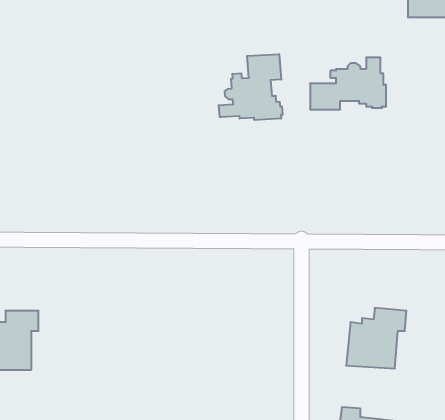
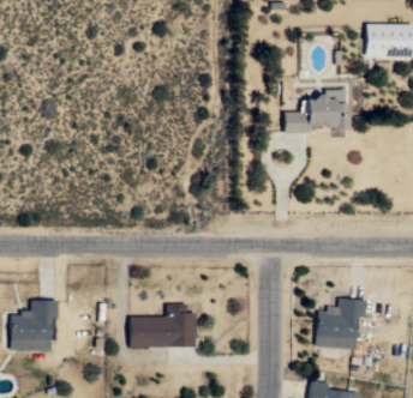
building: [219,54,283,120] -> none
building: none -> [130,304,196,346]

